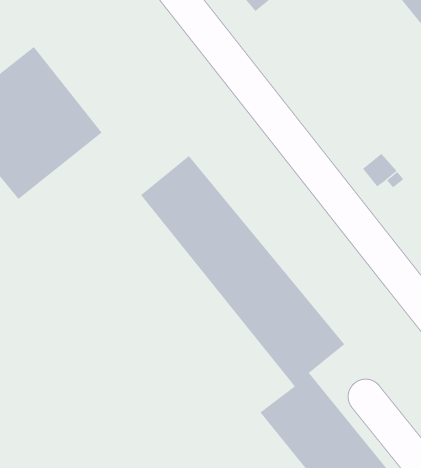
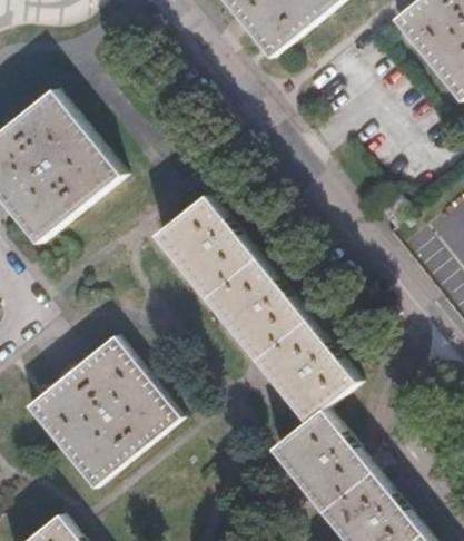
building: none -> [27,337,178,488]

